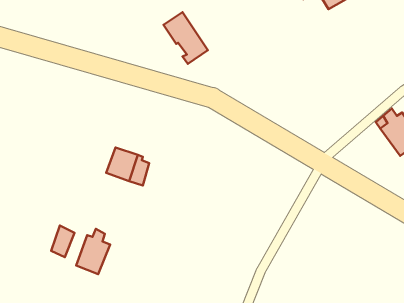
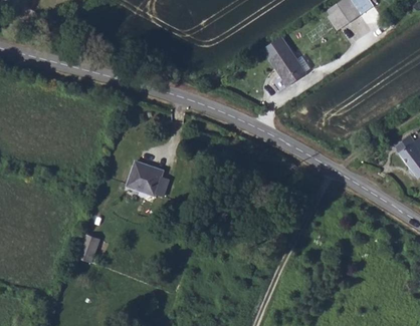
building: [164,12,208,64] -> [264,38,306,87]
building: [76,229,110,274] -> none

